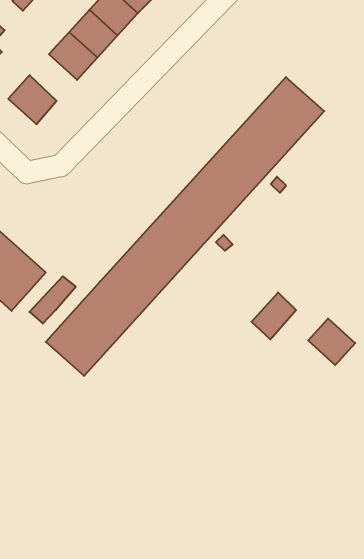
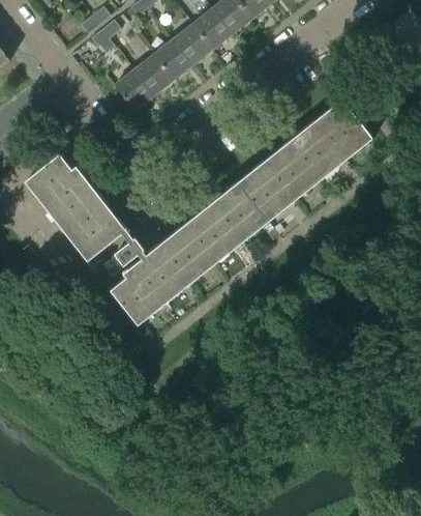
building: none -> [133,54,172,93]
building: [251,292,296,339] -> none
building: [308,318,355,365] -> none

